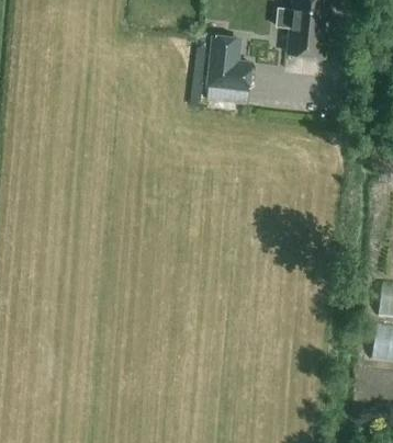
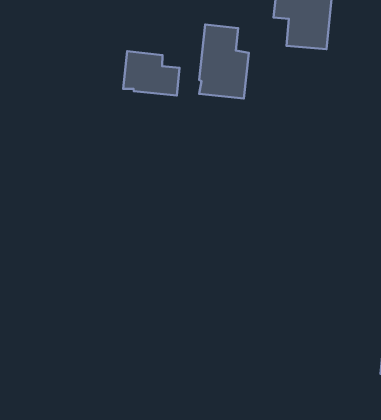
building: none -> [123,51,180,96]

